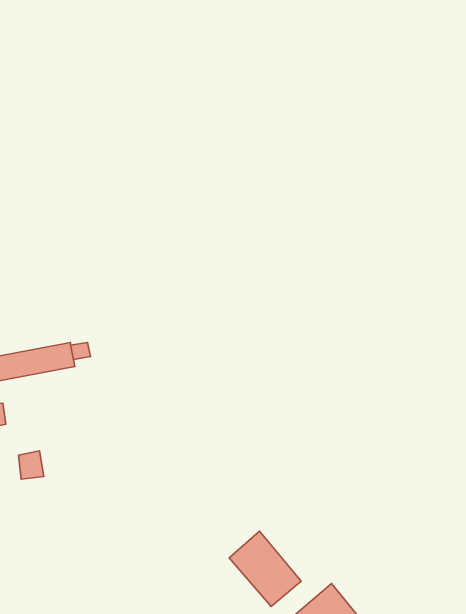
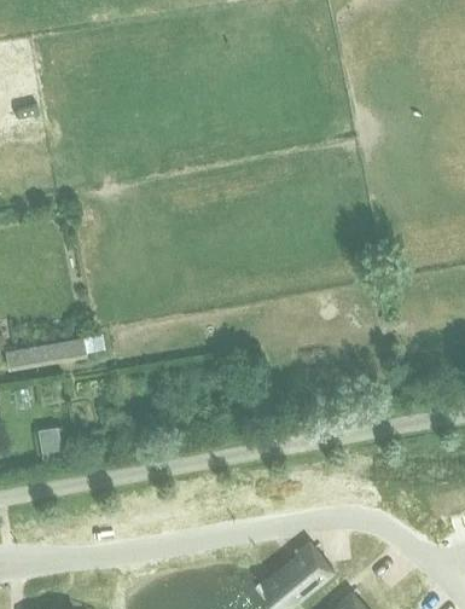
building: [229,531,301,607] -> none

